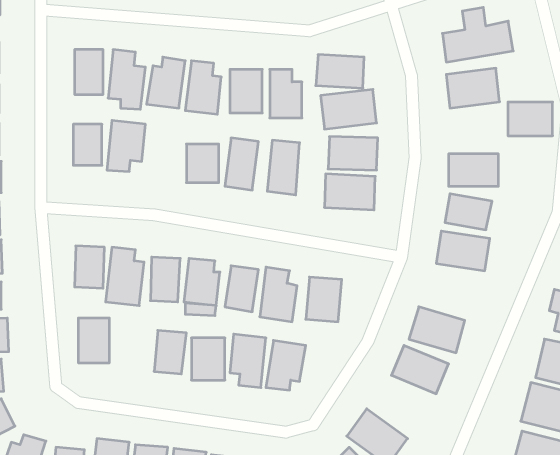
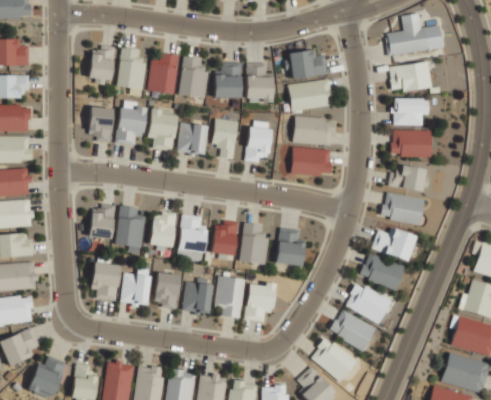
building: [508,102,553,136] -> [392,99,428,126]
building: none -> [148,107,178,151]
building: none -> [372,226,415,261]
building: none -> [121,268,151,306]
building: none -> [329,310,376,352]

